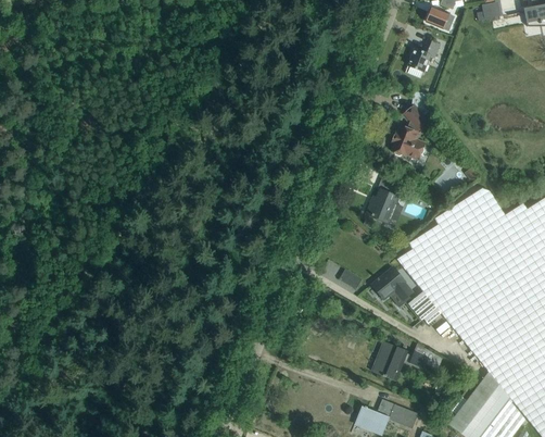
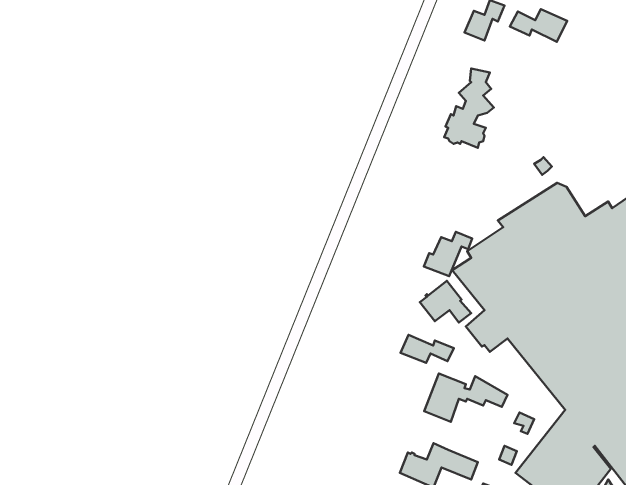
building: none -> [510,9,567,42]
building: [366,186,405,222] -> [424,232,472,276]
building: none -> [400,335,454,363]

